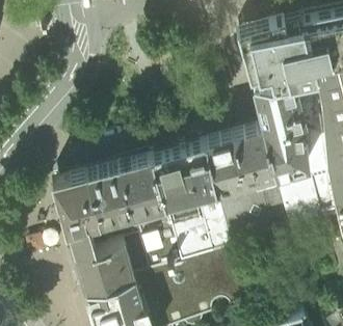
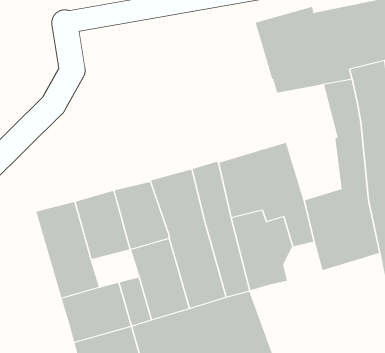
building: [250,76,305,171] -> none
building: [99,212,138,243] -> none

